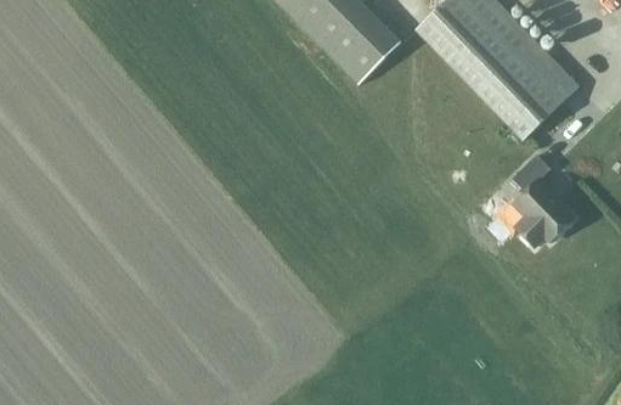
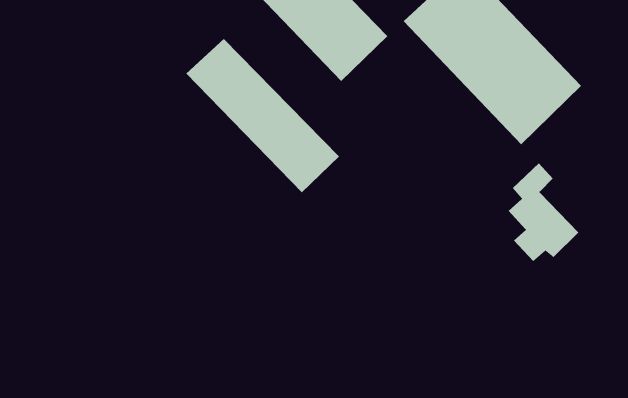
building: none -> [186,38,340,193]

